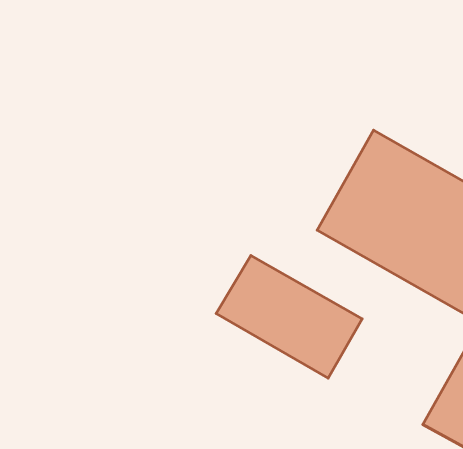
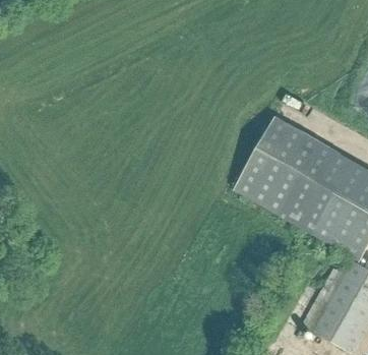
building: [216,255,362,378] -> none

